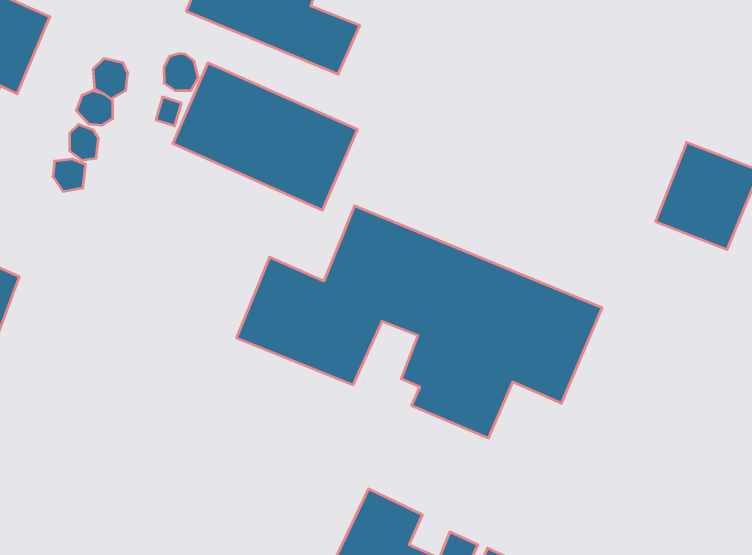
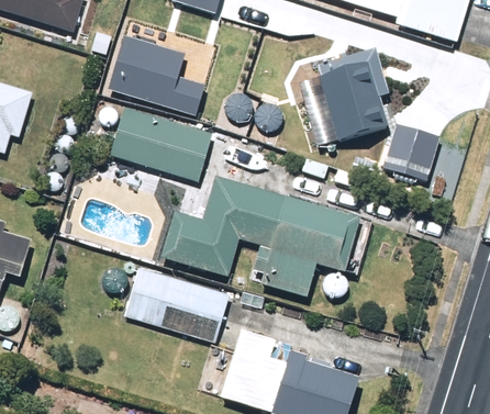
building: none -> [315,49,388,141]
building: none -> [123,267,229,342]

